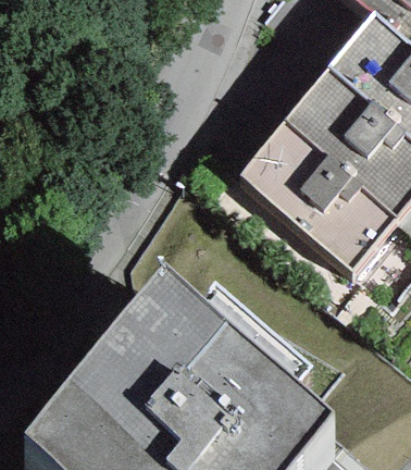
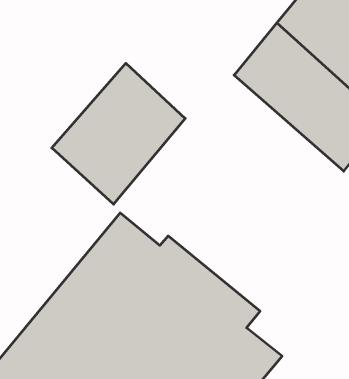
building: none -> [52,63,185,204]
building: [235,122,393,275] -> none

